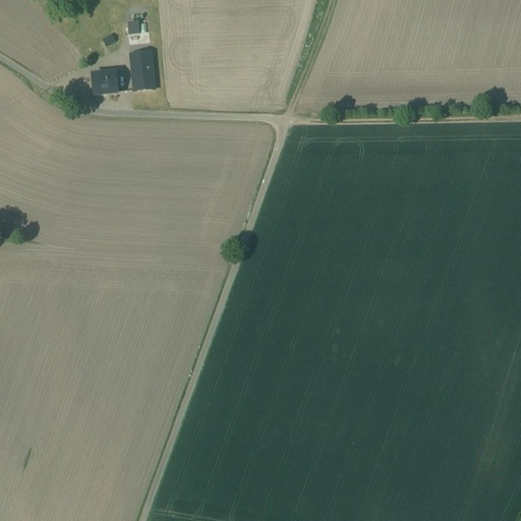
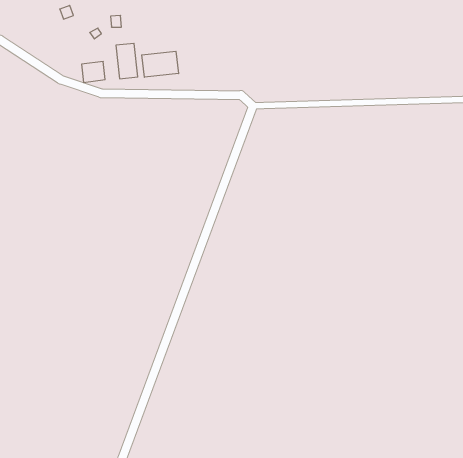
building: none -> [142,51,179,77]

